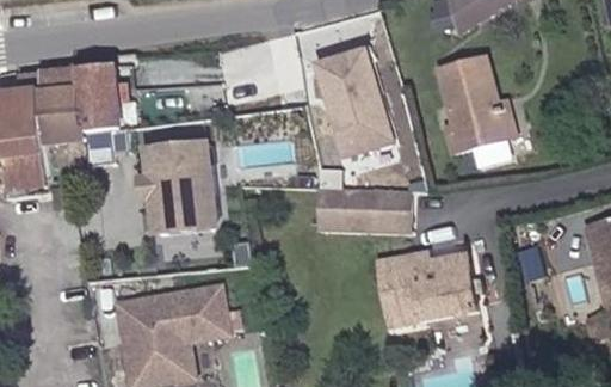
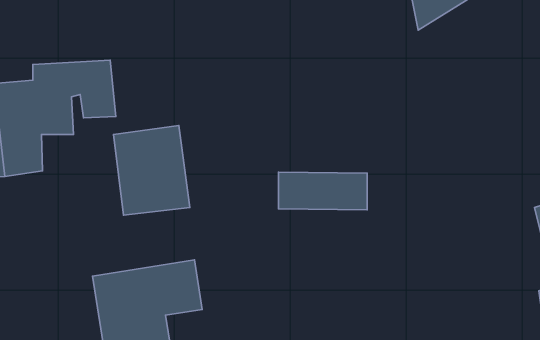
building: [309,48,389,159] -> none
building: [438,59,521,158] -> none
building: [376,247,483,327] -> none

